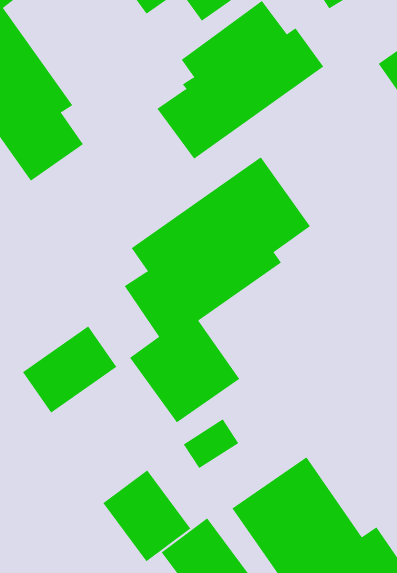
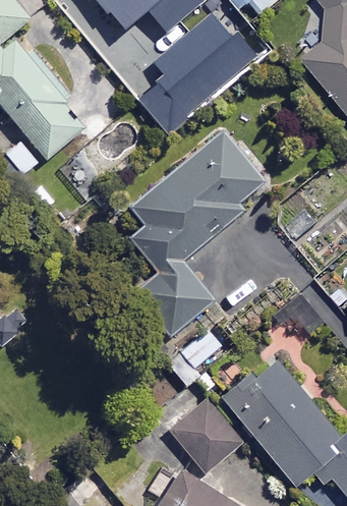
building: [22,325,117,413] -> none
building: [102,470,191,562] -> none

